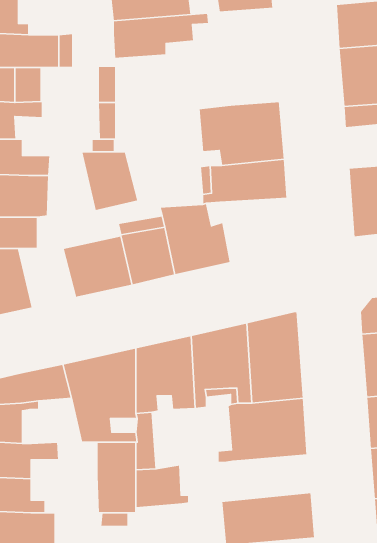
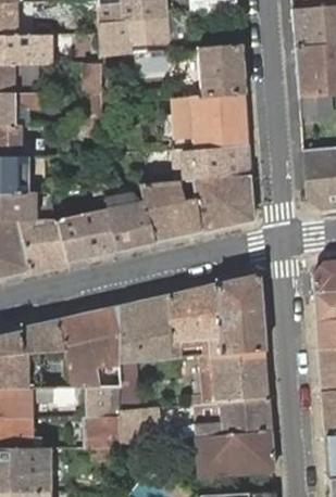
building: none -> [198,43,244,95]
building: [81,152,138,211] -> [18,219,67,270]
building: none -> [192,176,254,231]
building: none -> [192,397,271,437]

